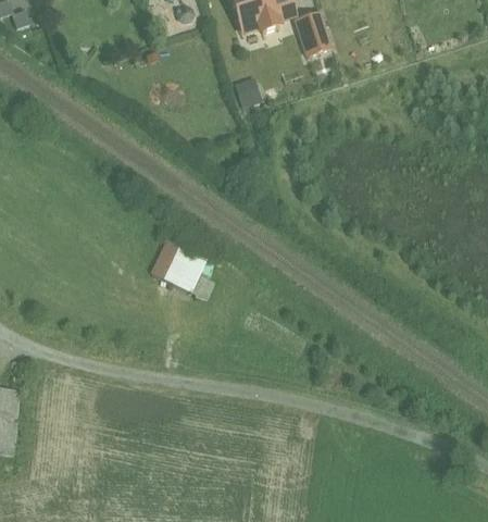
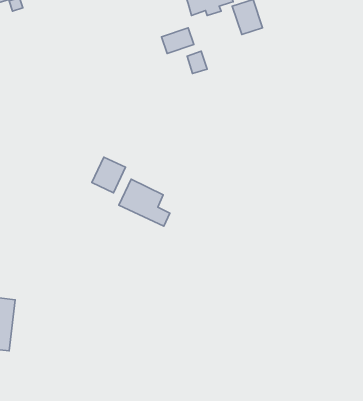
building: none -> [161,28,194,53]
building: none -> [92,157,125,193]

